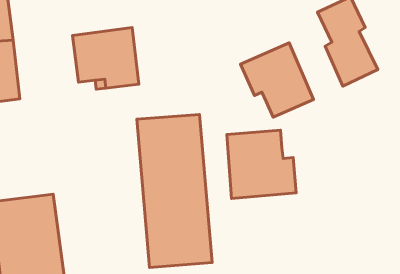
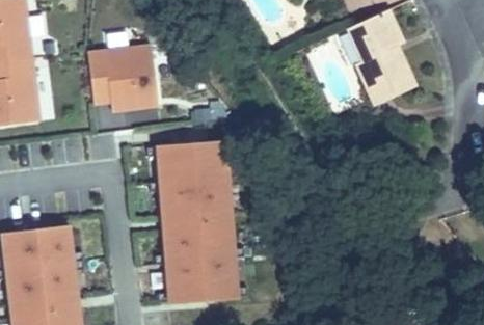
building: [241,43,314,117] -> none
building: [227,130,296,198] -> none

